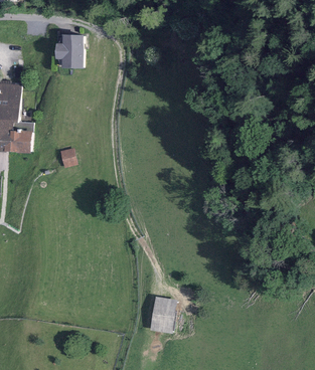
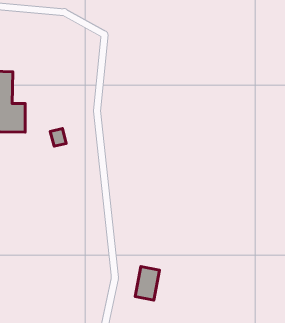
building: [56,33,85,67] -> none

